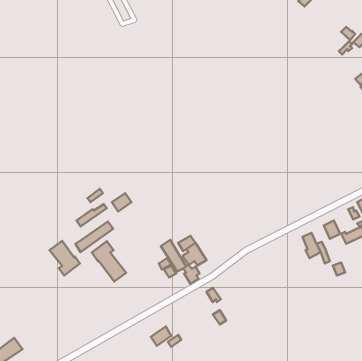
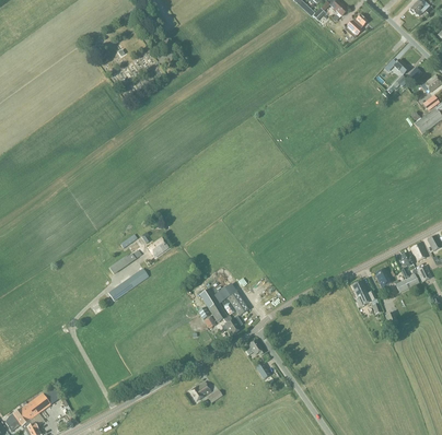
building: [50,241,80,275] -> none
building: [92,241,126,282] -> none

